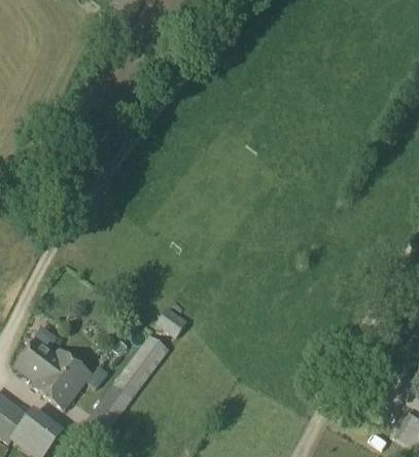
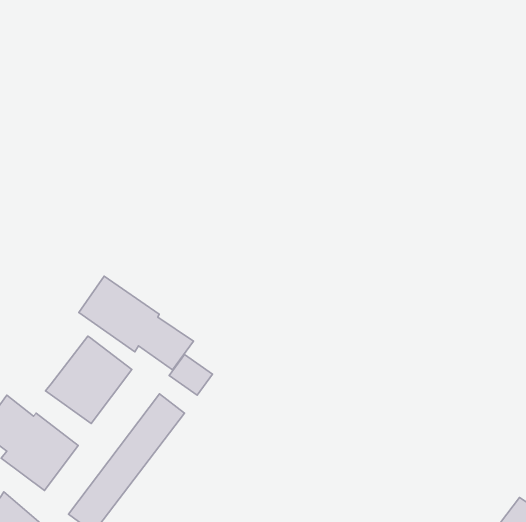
building: none -> [79,276,193,370]
building: none -> [45,336,132,424]

